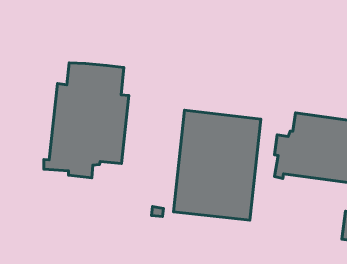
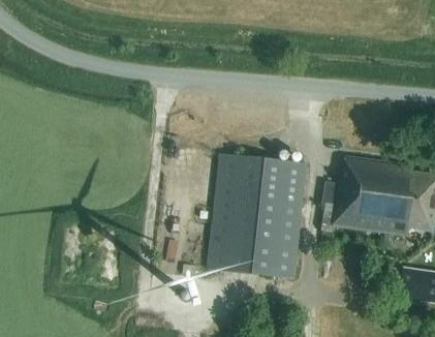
building: [44,63,129,178] -> none

